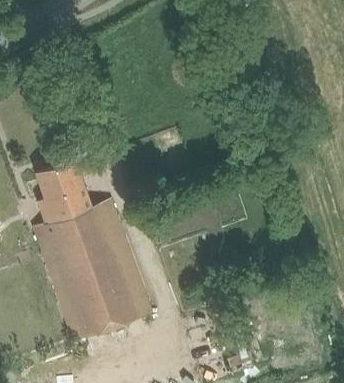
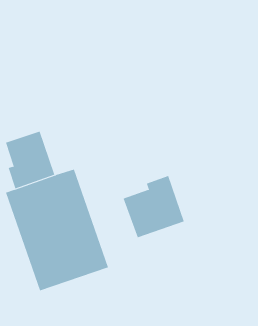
building: none -> [123,175,185,238]

